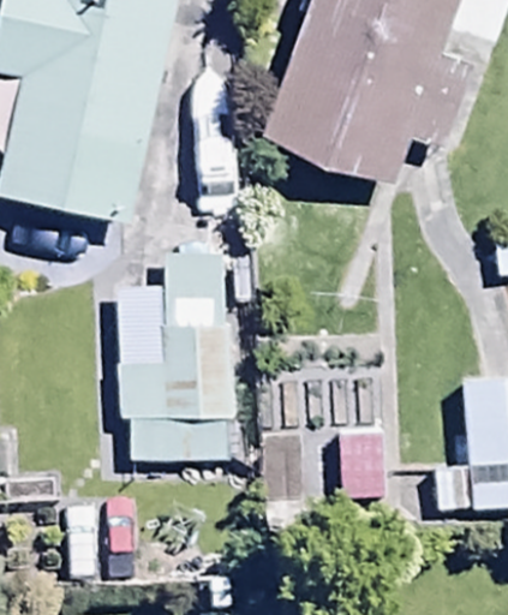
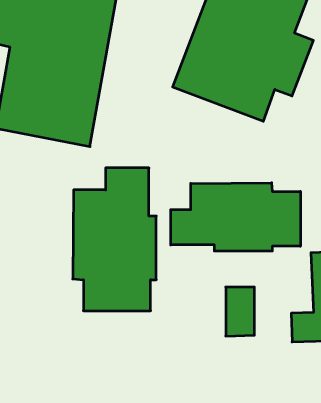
building: none -> [171,183,300,251]

